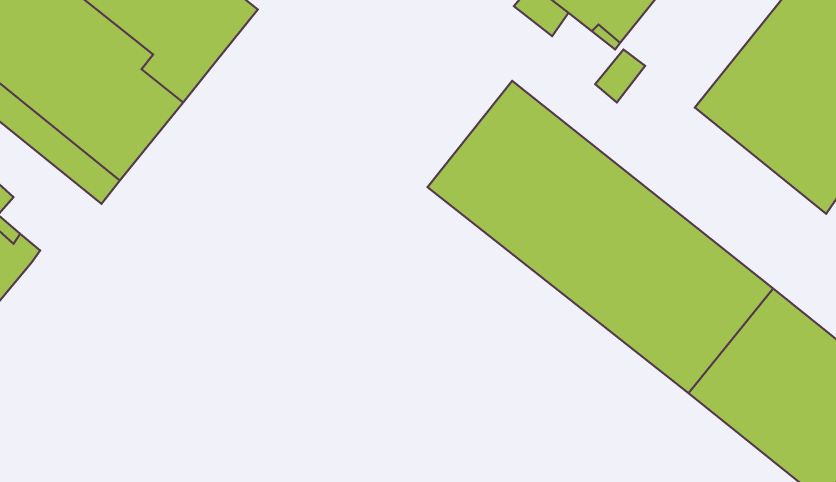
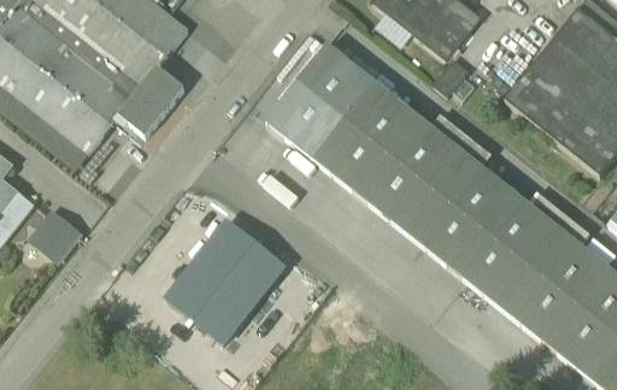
building: none -> [266,43,372,156]
building: none -> [118,65,184,135]
building: none -> [33,213,77,256]
building: none -> [166,220,283,342]

